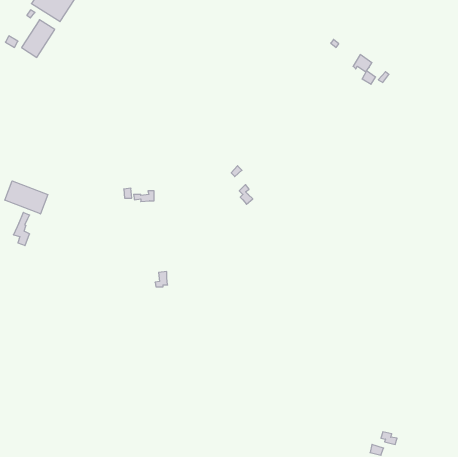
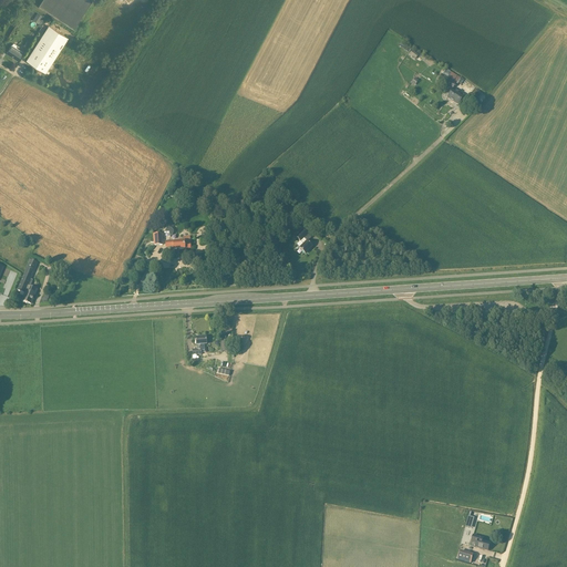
building: [5,181,48,214] -> none

